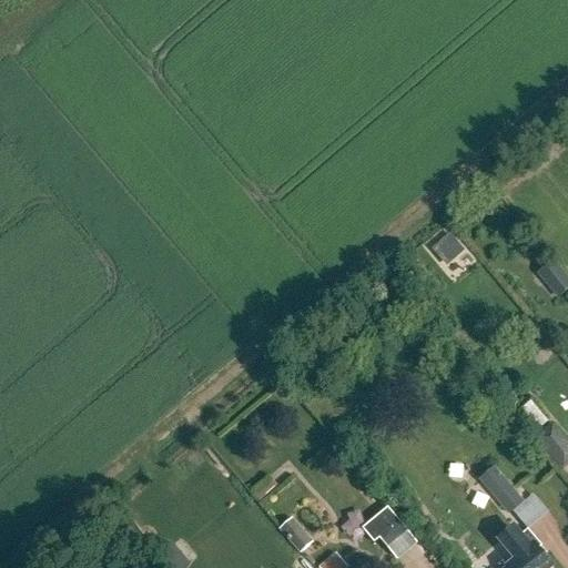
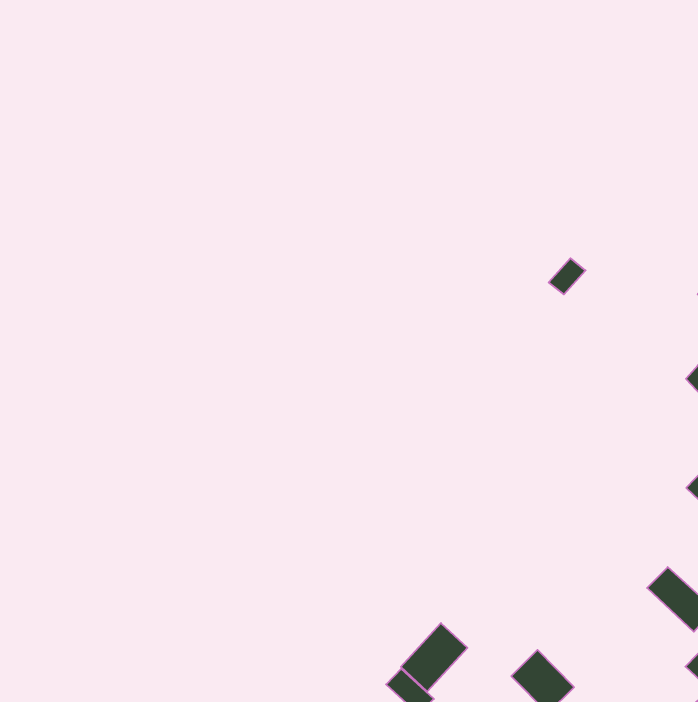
building: none -> [401,623,467,691]

